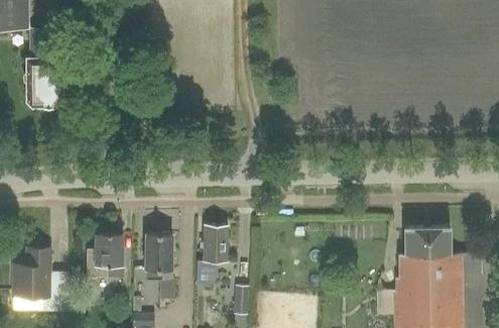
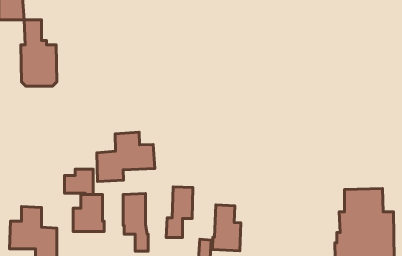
building: none -> [97,132,155,181]
building: none -> [64,169,93,195]
building: none -> [212,205,241,251]

